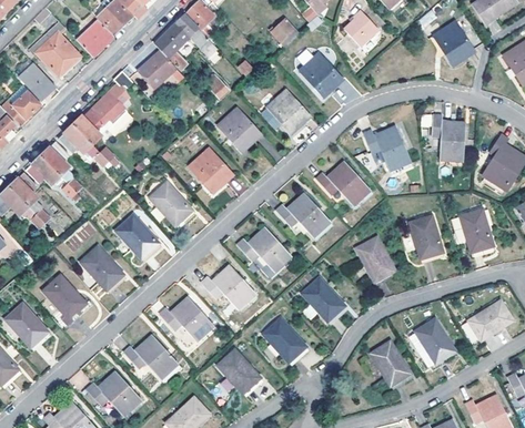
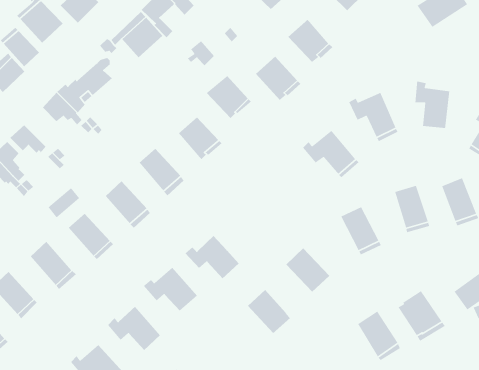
building: [41,141,71,179] -> none
building: [276,193,330,237] -> none
building: [236,227,290,272] -> none
building: [215,349,259,394] -> none

